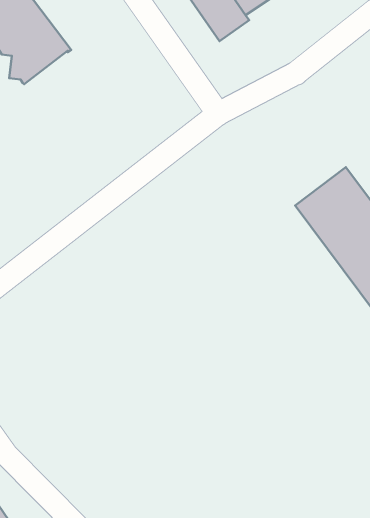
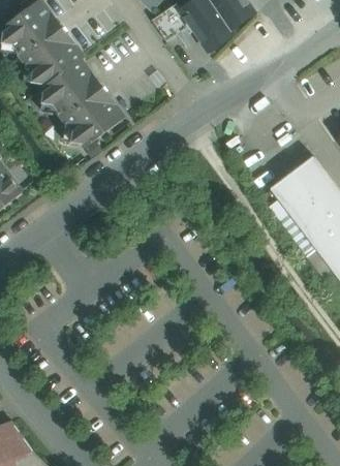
building: none -> [40,60,124,148]

